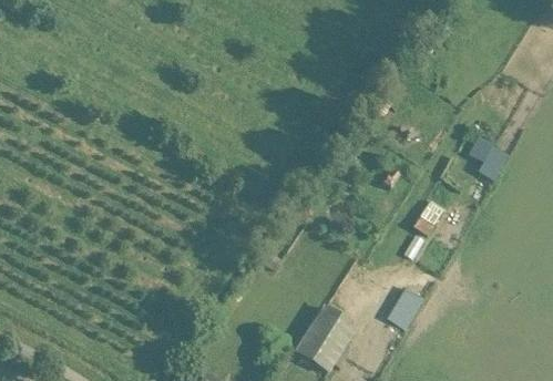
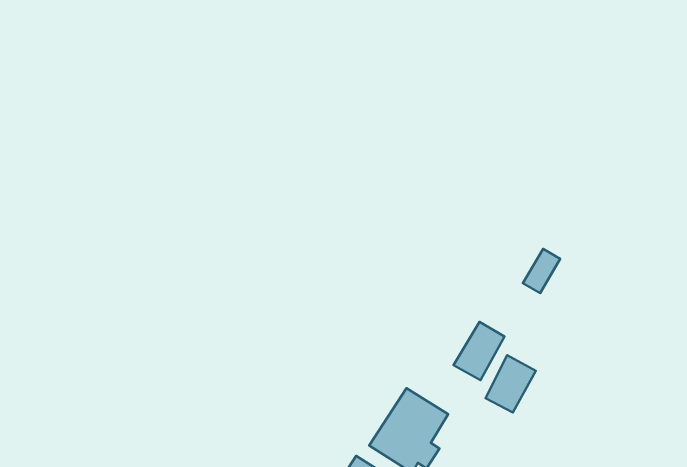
building: [468,134,508,179] -> none
building: none -> [453,322,504,380]

